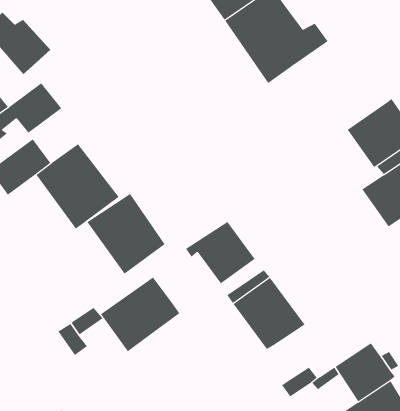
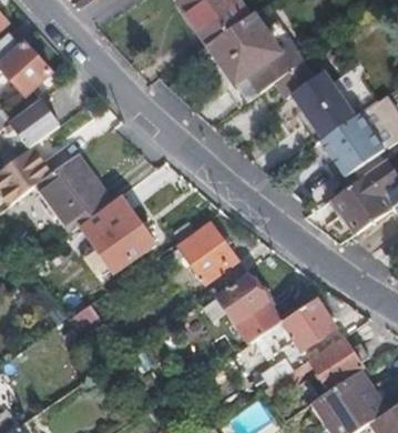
building: none -> [271,61,356,142]
building: [100,277,180,352] -> none
building: none -> [255,296,336,354]

